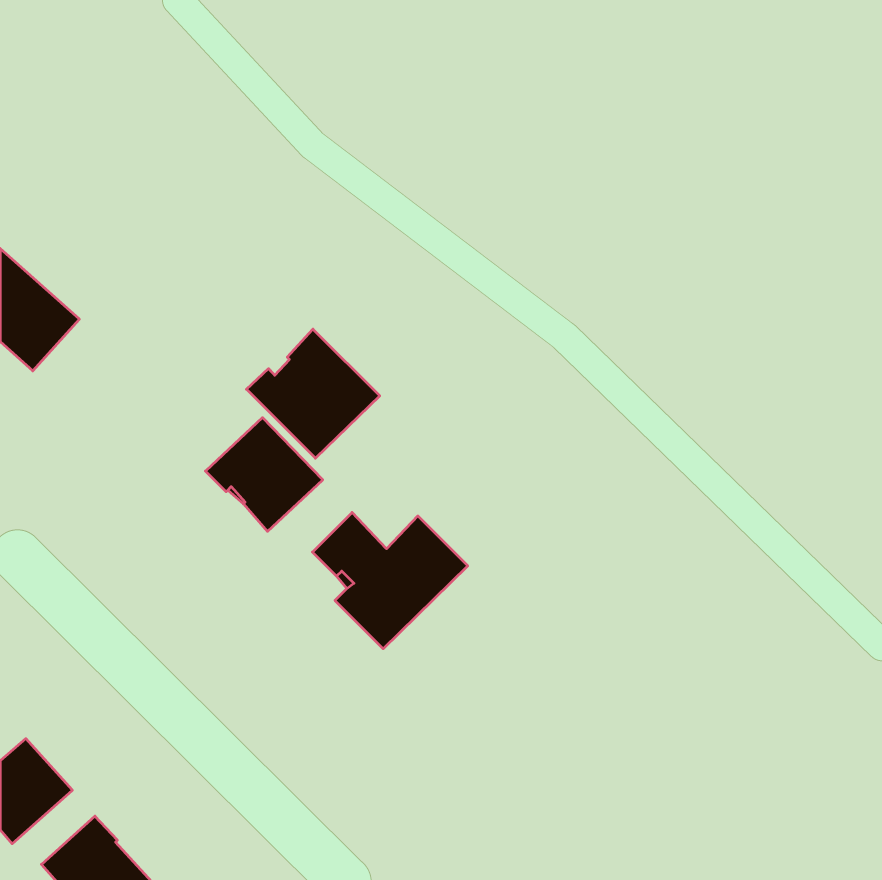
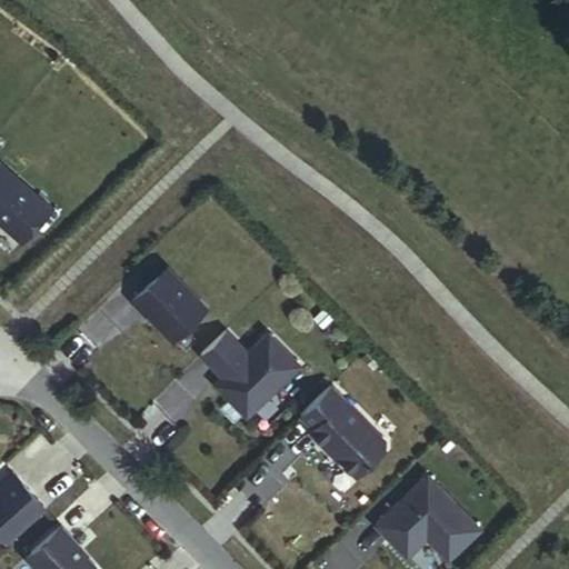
building: [246,329,380,458] -> none
building: none -> [300,387,383,478]
building: none -> [375,477,479,561]

